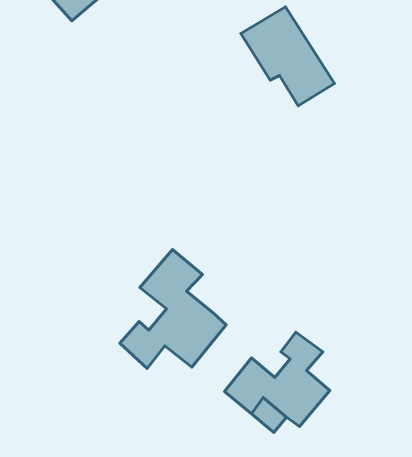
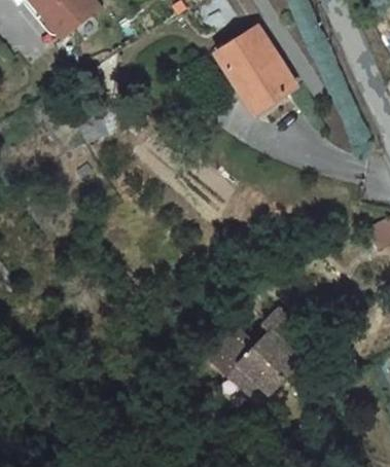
building: [120,250,226,368] -> none

